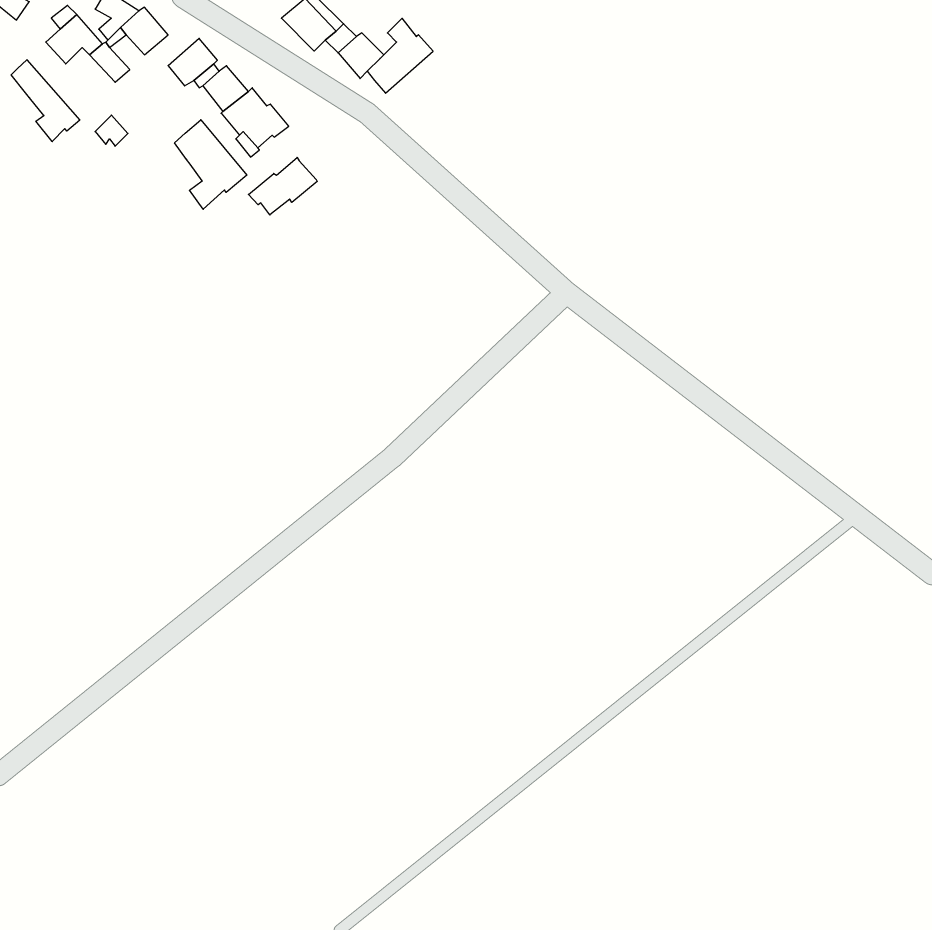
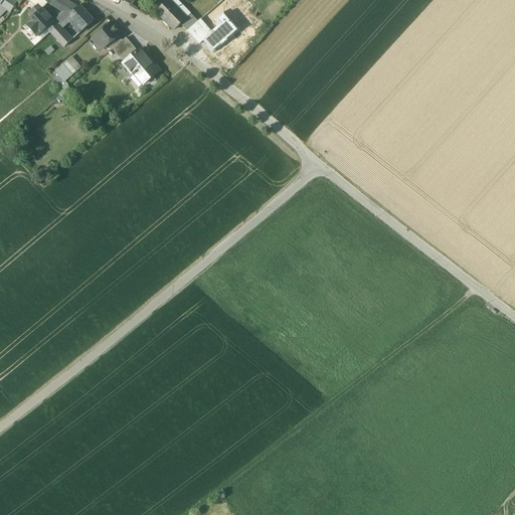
building: [11,60,80,142] -> none
building: [175,120,247,209] -> none
building: [248,157,317,215] -> none

